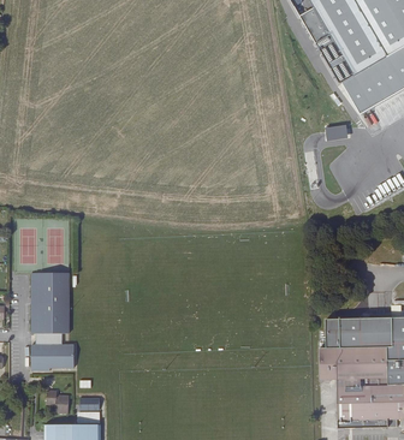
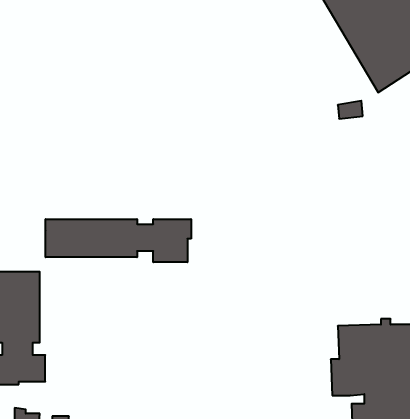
building: none -> [46,219,191,262]

